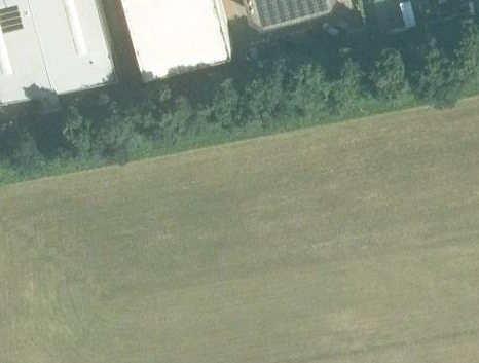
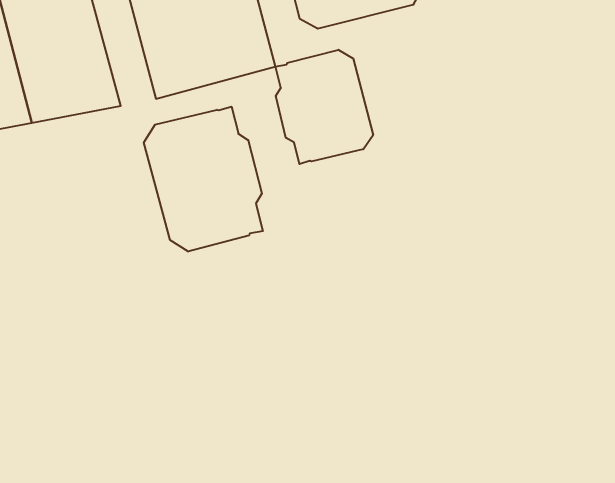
building: none -> [276,50,373,164]
building: none -> [144,107,263,252]

